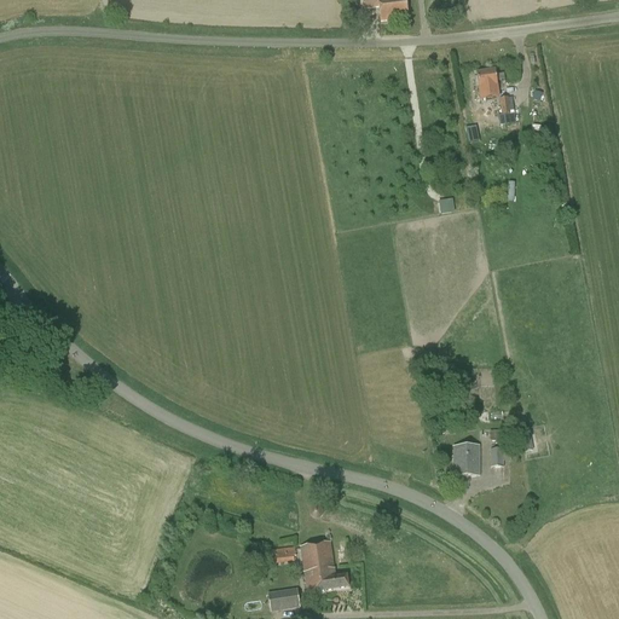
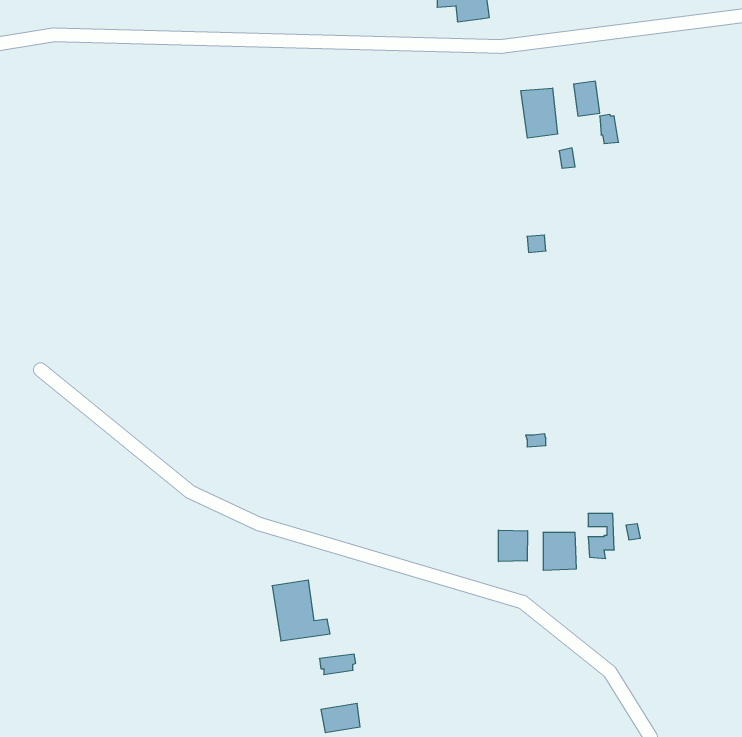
building: none -> [521,88,557,138]
building: none -> [499,530,528,562]
building: [300,540,348,591] -> [272,580,330,641]

